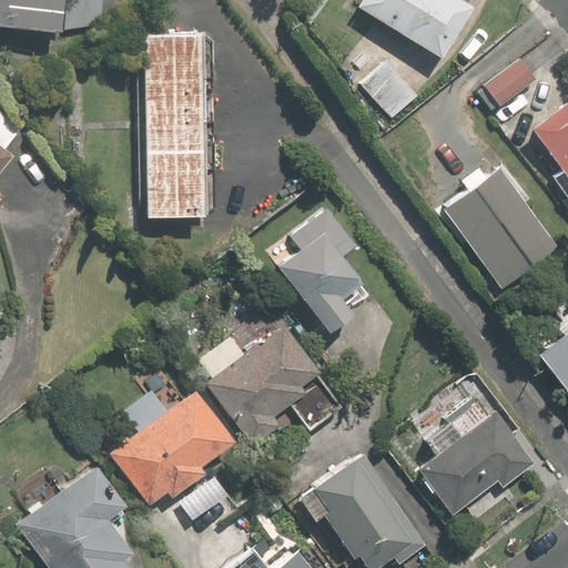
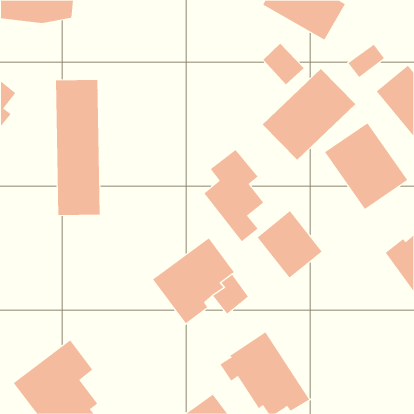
building: [146,31,209,217] -> [55,79,100,215]
building: none -> [262,68,356,161]
building: none -> [257,210,323,279]
building: [111,390,235,505] -> none
building: [416,395,530,514] -> none

